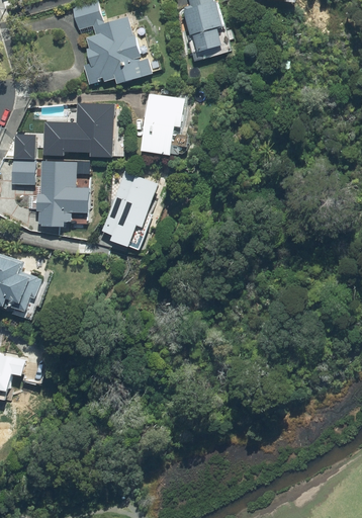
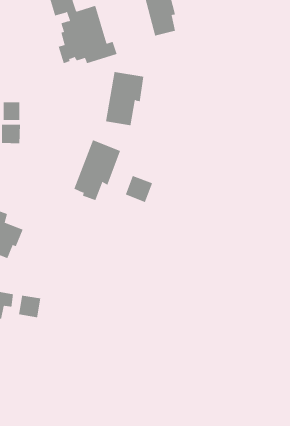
building: [43,101,115,155] -> none
building: [32,162,90,231] -> none
building: none -> [125,175,153,203]
building: none -> [19,295,41,318]

